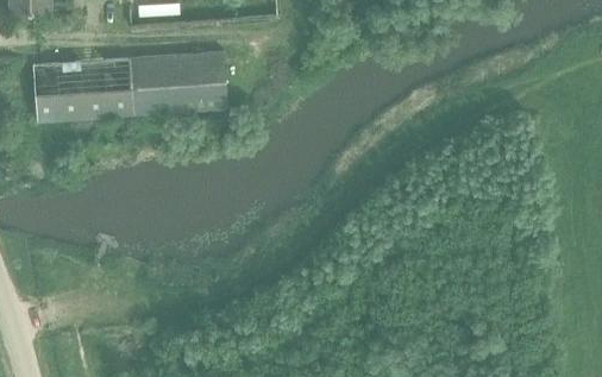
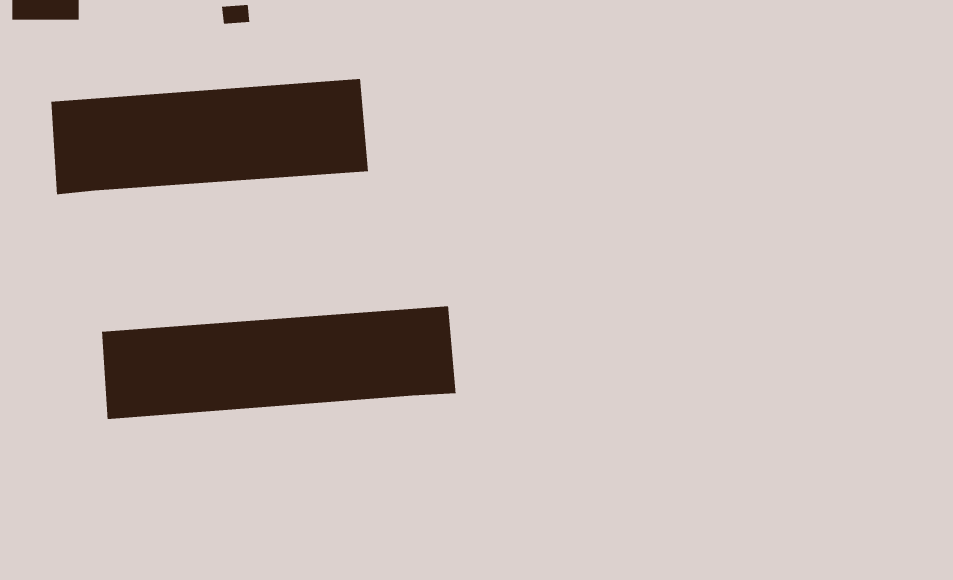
building: none -> [101,305,456,420]

